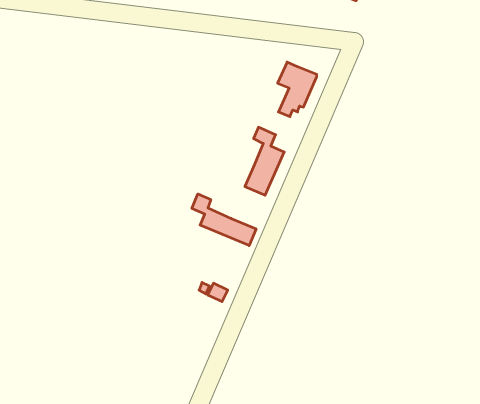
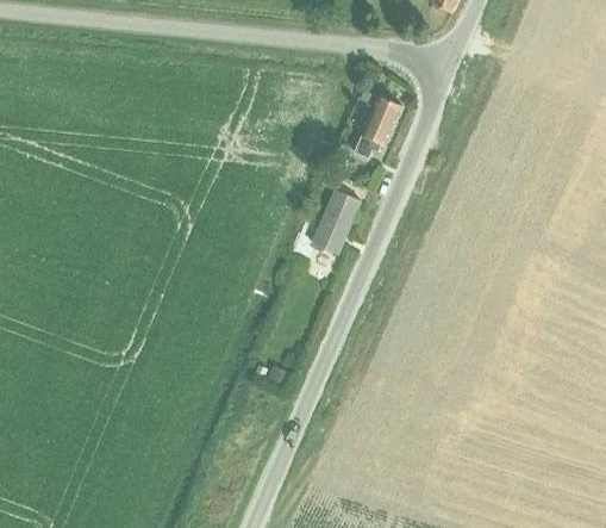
building: [192,194,256,246] -> none

